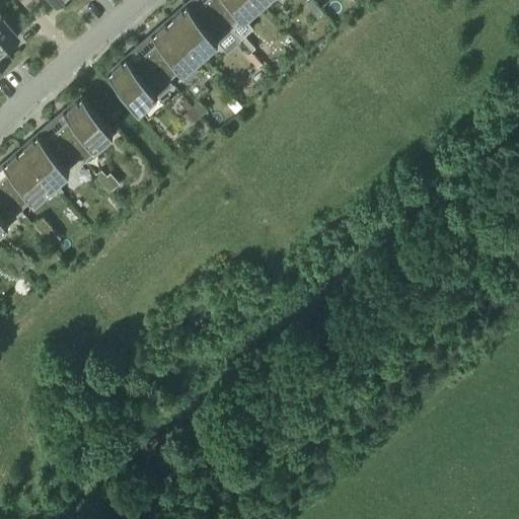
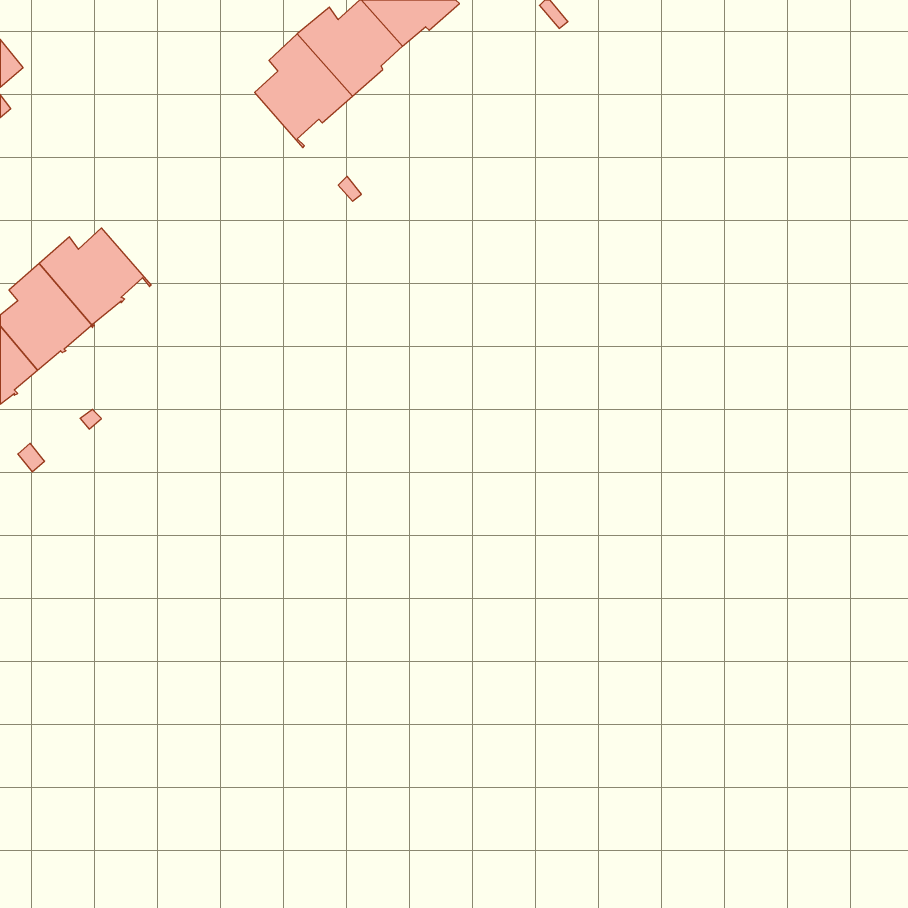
building: [108,54,173,109] -> none
building: [59,96,116,163] -> none

